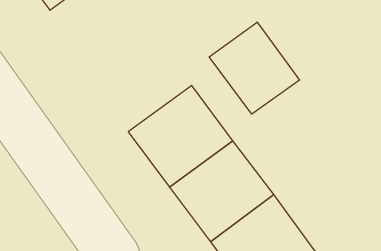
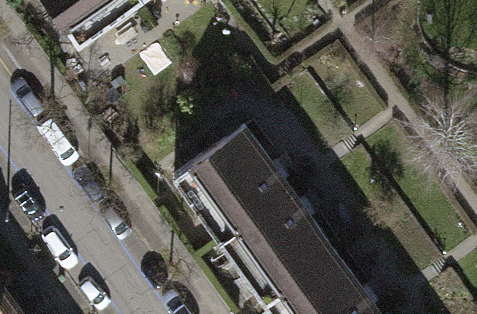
building: [209,22,300,114] -> none

